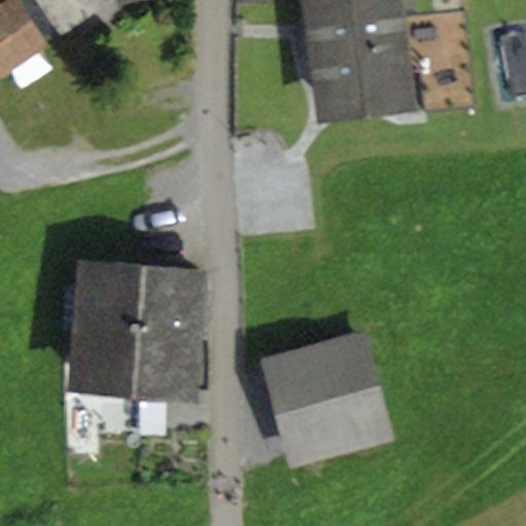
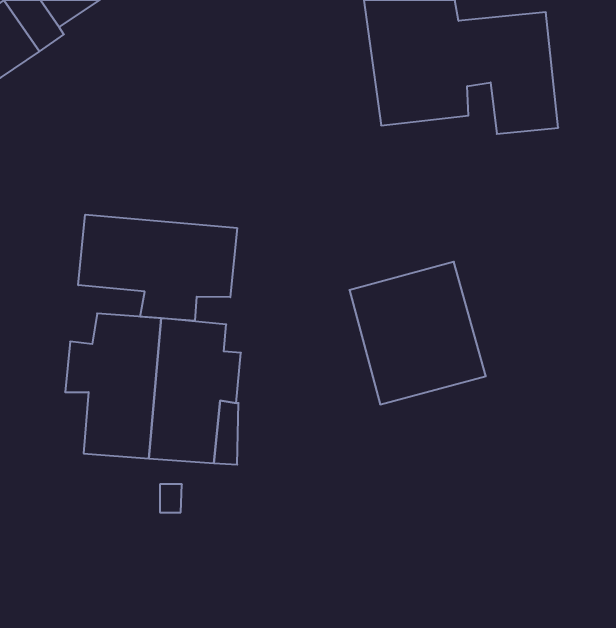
building: none -> [78,215,237,321]
building: [263,338,377,457] -> [349,262,486,404]

